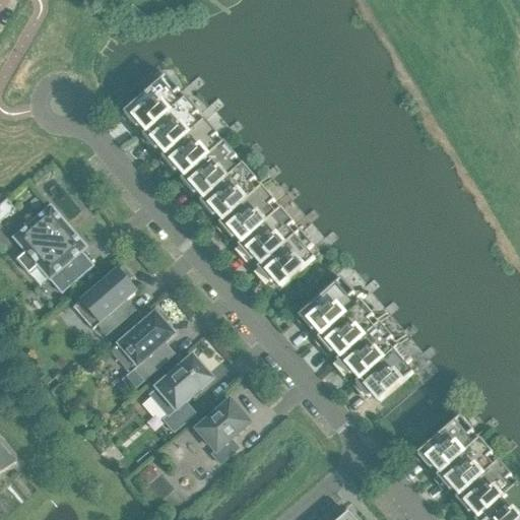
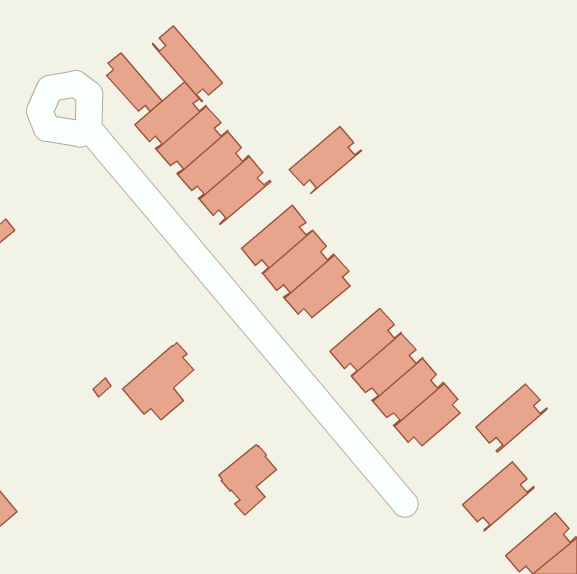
building: none -> [153,26,222,102]
building: none -> [106,53,162,111]
building: [197,162,262,222] -> [289,127,362,194]
building: [12,203,92,280] -> none
building: [72,263,136,332] -> none
building: [148,353,211,429] -> none
building: [434,437,498,498] -> [476,384,547,452]

